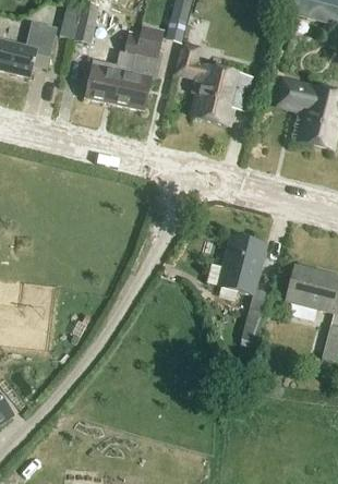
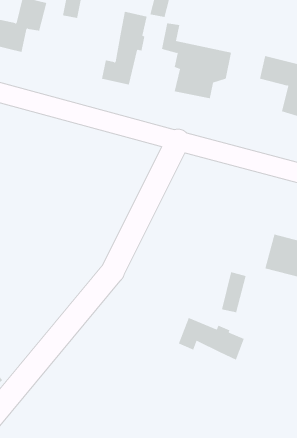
building: [85,32,138,104] -> none
building: [205,234,265,294] -> none
building: none -> [178,317,245,360]

